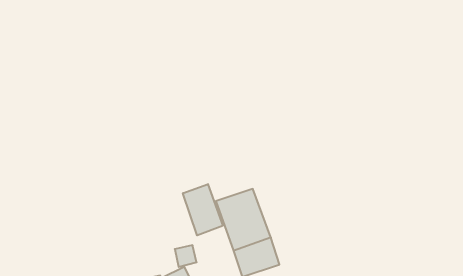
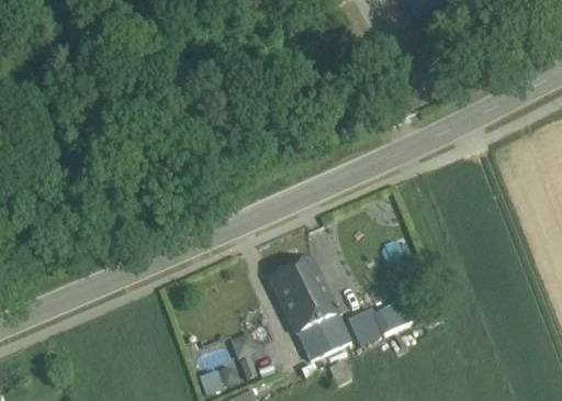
building: [183,184,223,235] -> none
building: none -> [348,296,409,343]

